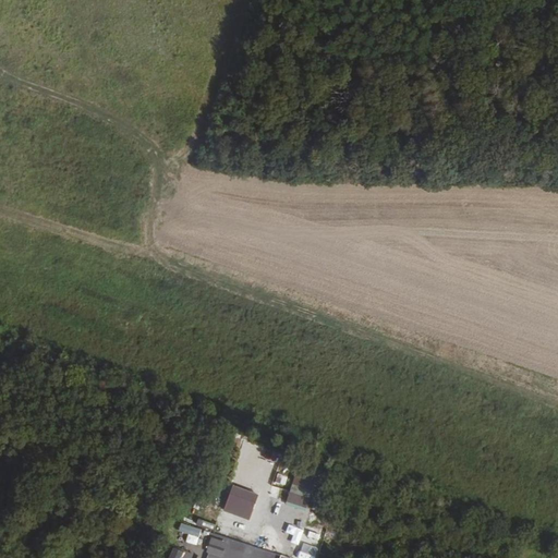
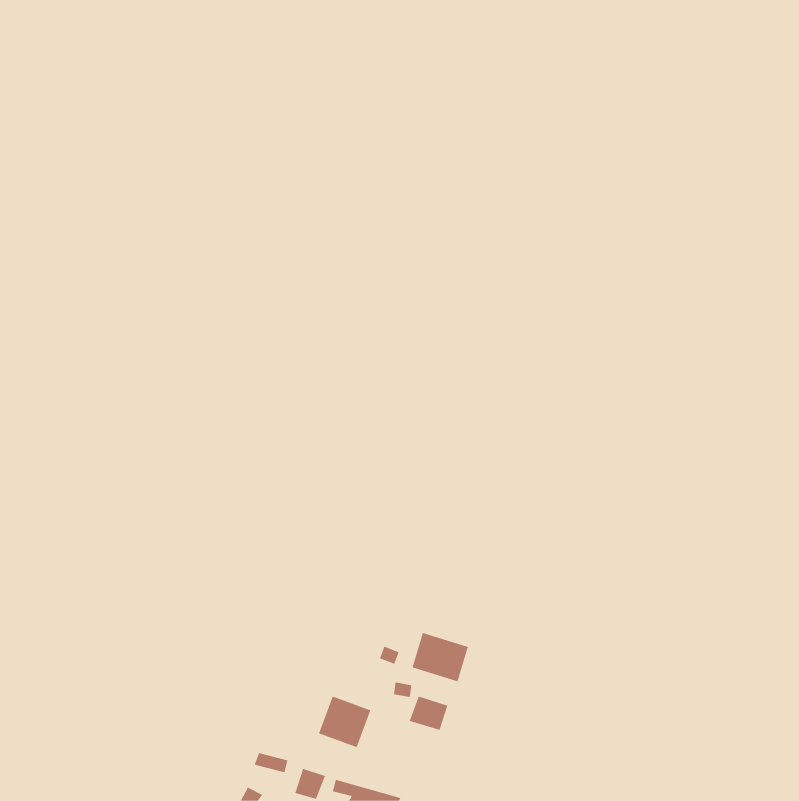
building: none -> [412,632,468,682]

